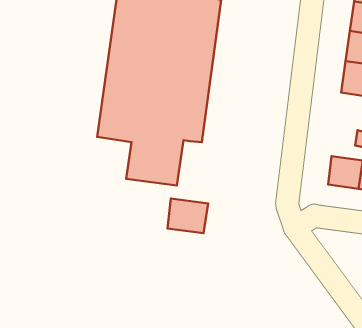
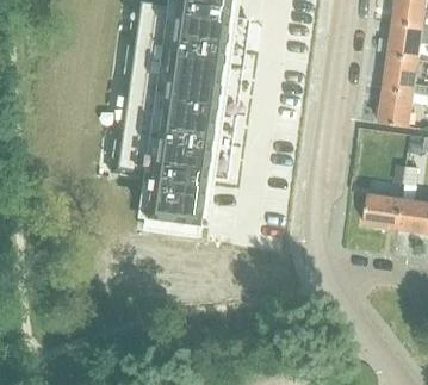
building: [167,199,208,233] -> none

